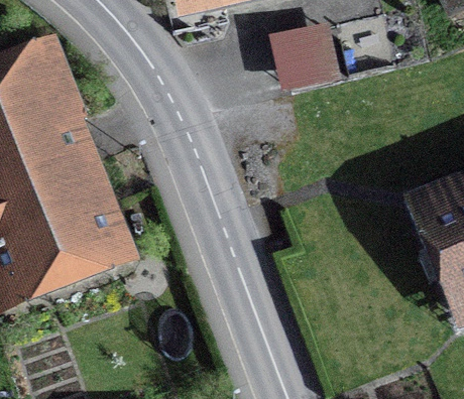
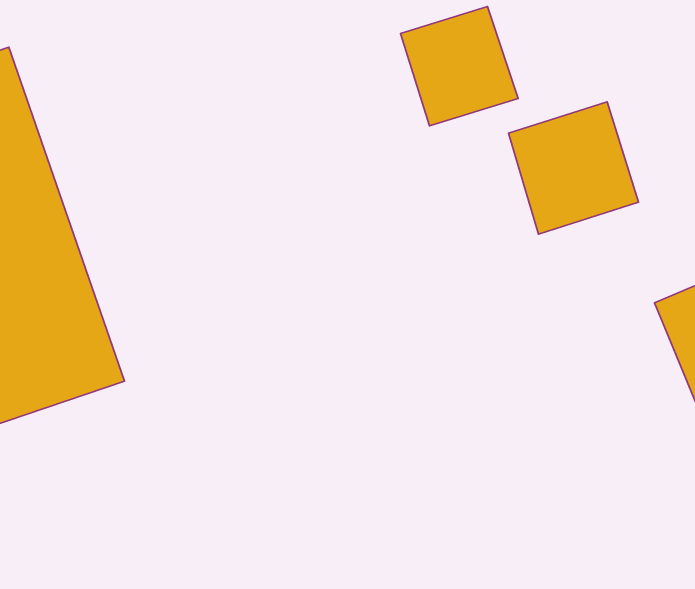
building: none -> [509,102,639,234]

